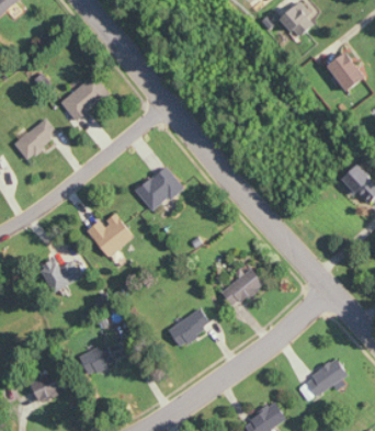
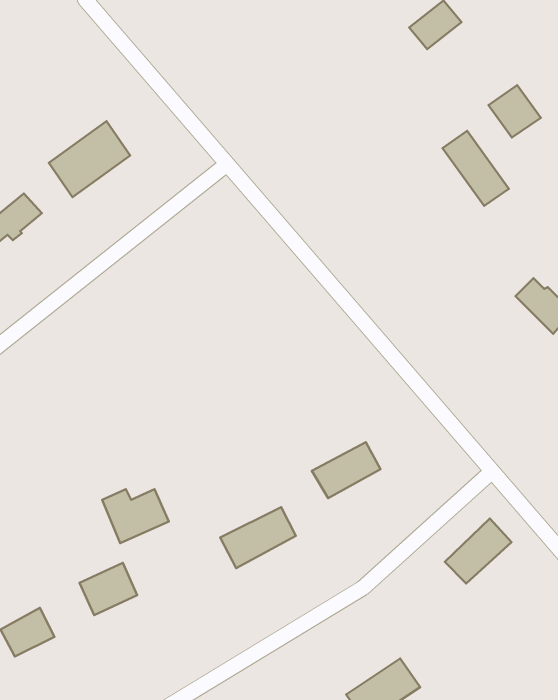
building: none -> [442,131,509,206]
building: [135,168,182,211] -> none
building: [87,215,132,257] -> none
building: [39,260,80,293] -> [102,489,169,543]
building: [303,360,343,399] -> [445,519,511,584]

